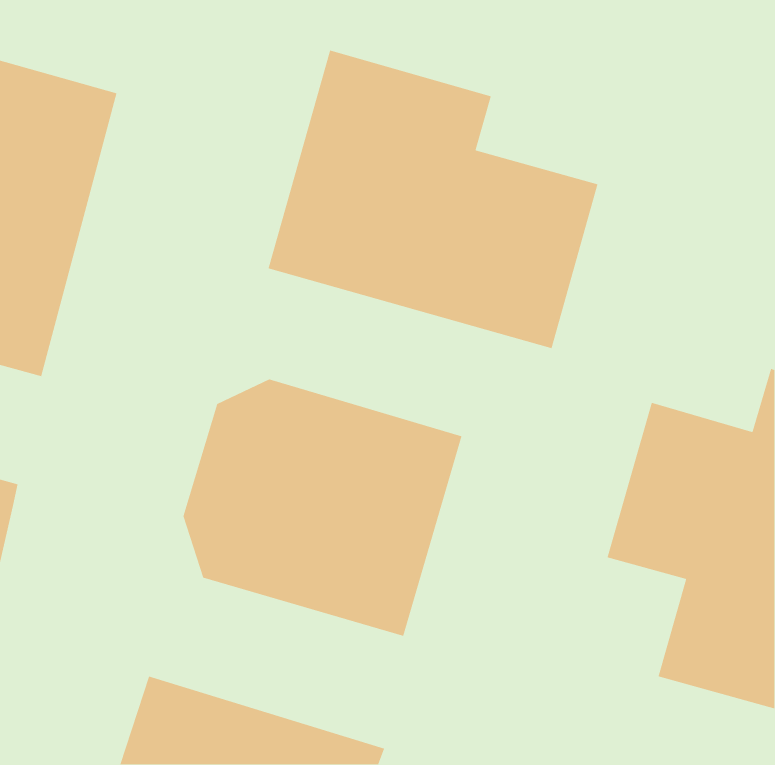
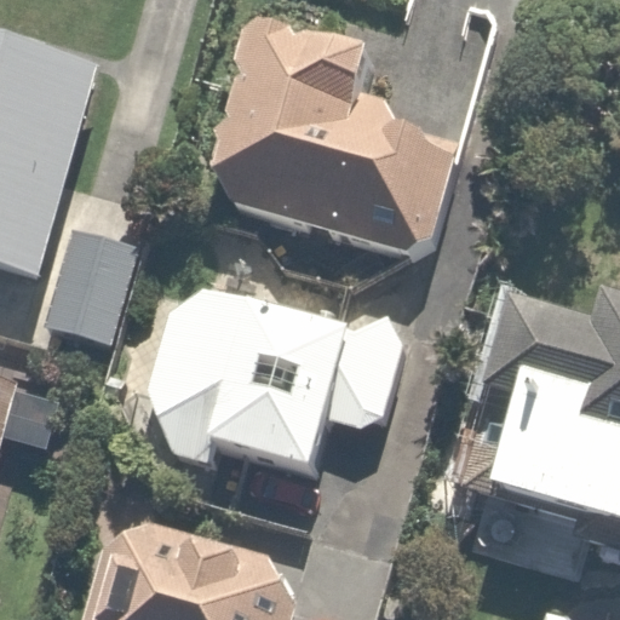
building: none -> [38,231,147,361]

